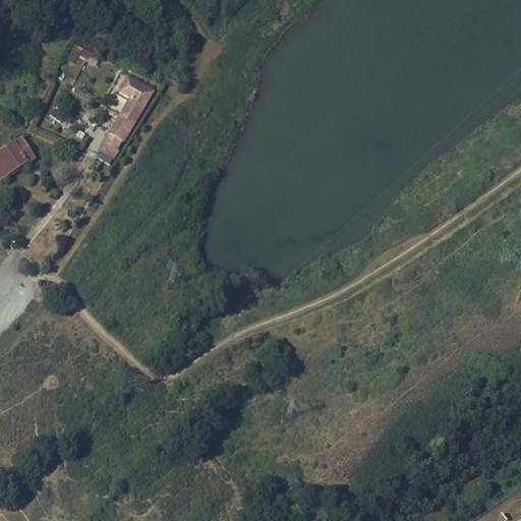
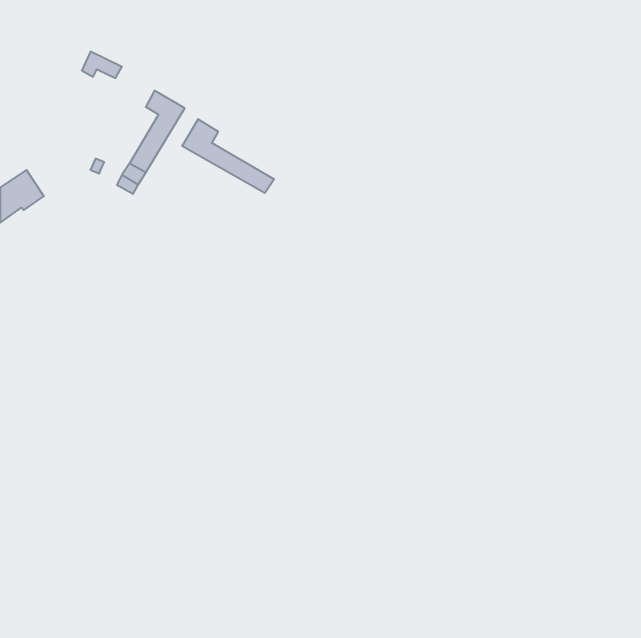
building: none -> [182,119,274,193]

